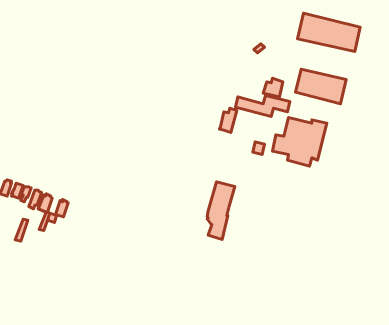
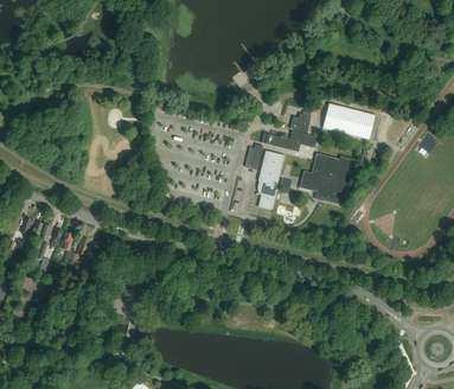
building: [297,13,360,52] -> none
building: [207,182,235,240] -> [257,151,286,210]

